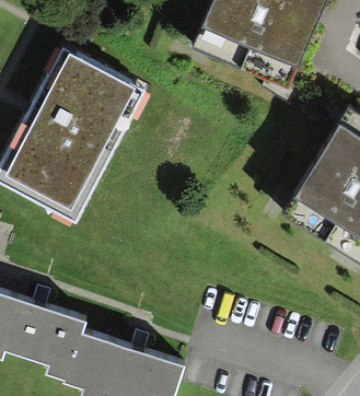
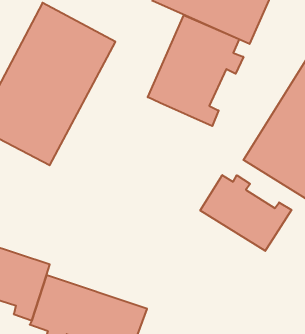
building: none -> [148,15,243,126]
building: none -> [200,175,291,251]

